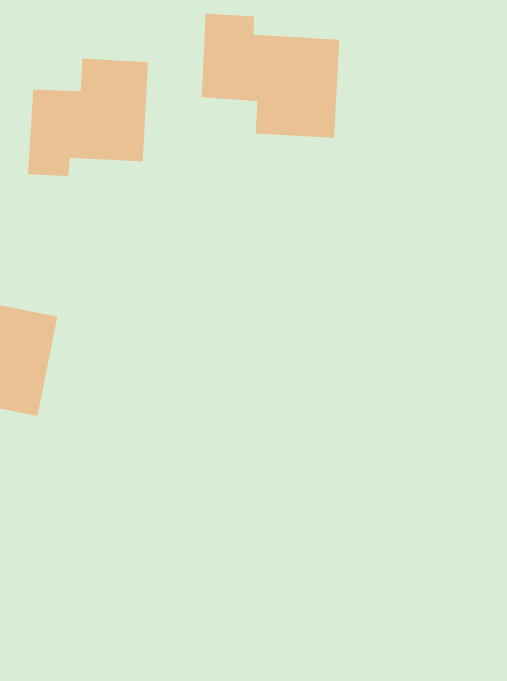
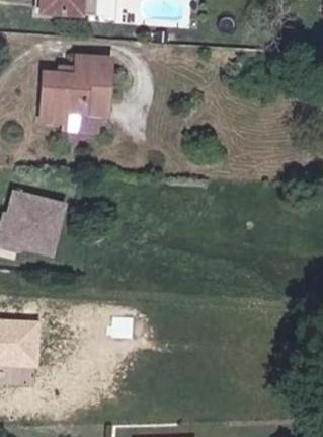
building: [201,13,340,139] -> none

